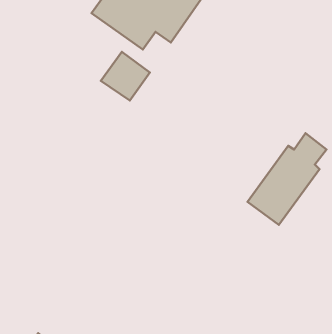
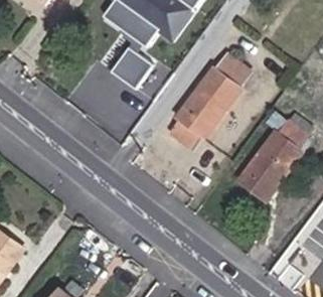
building: none -> [169,53,250,149]

